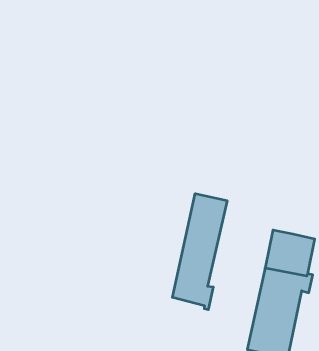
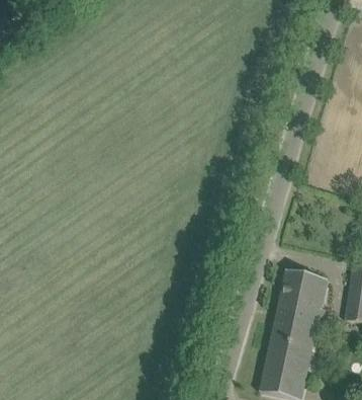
building: [172,194,227,310] -> none

